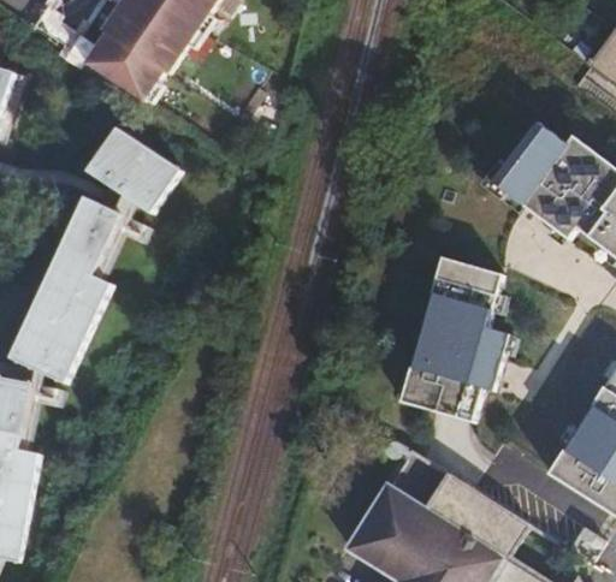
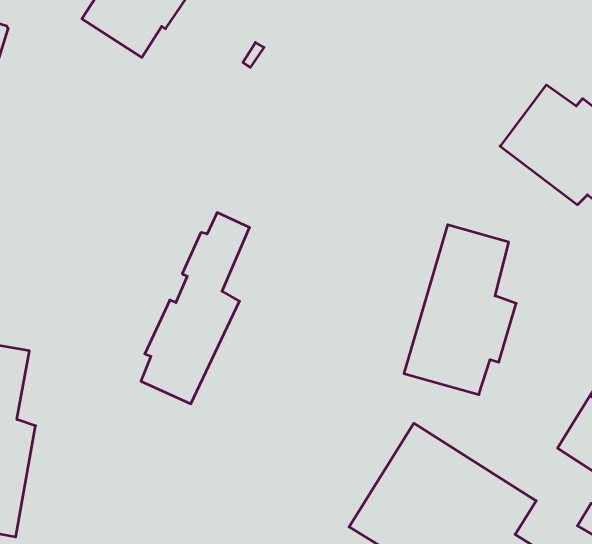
building: [97,123,184,208] -> none
building: [20,196,125,380] -> [141,213,250,404]

